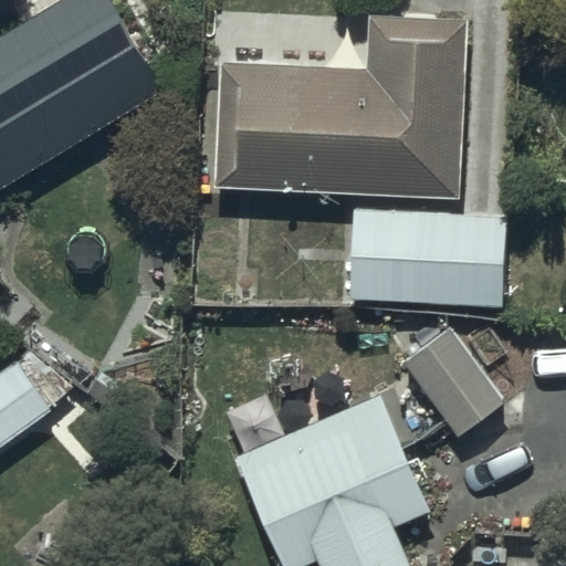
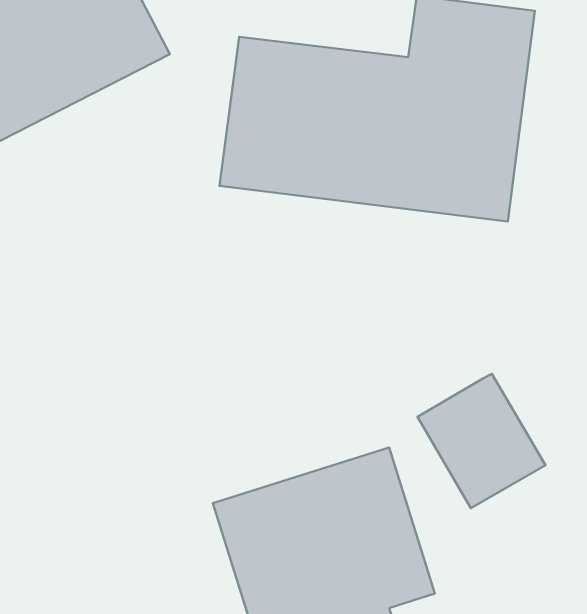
building: [348,210,502,304] -> none

